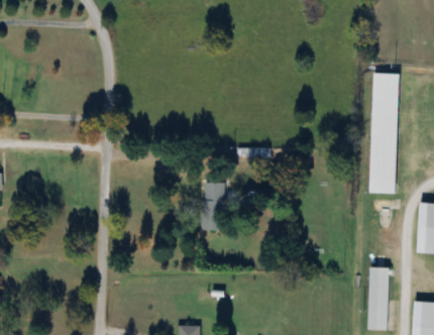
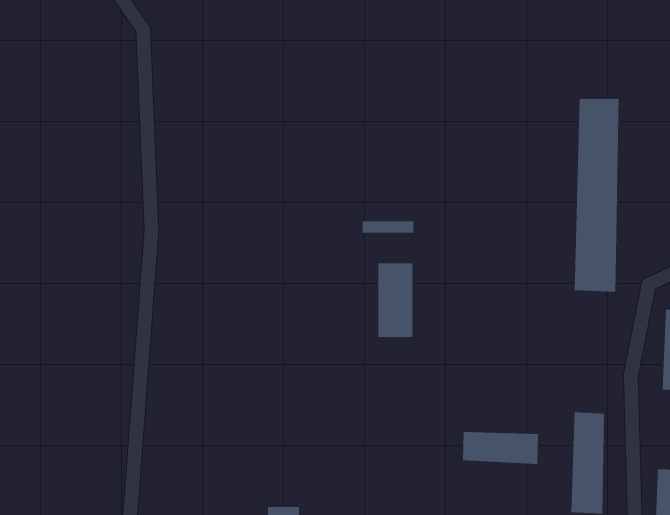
building: [202,183,224,229] -> [377,263,413,338]
building: none -> [462,431,539,465]

